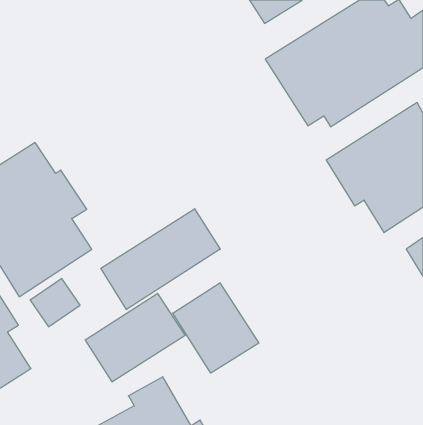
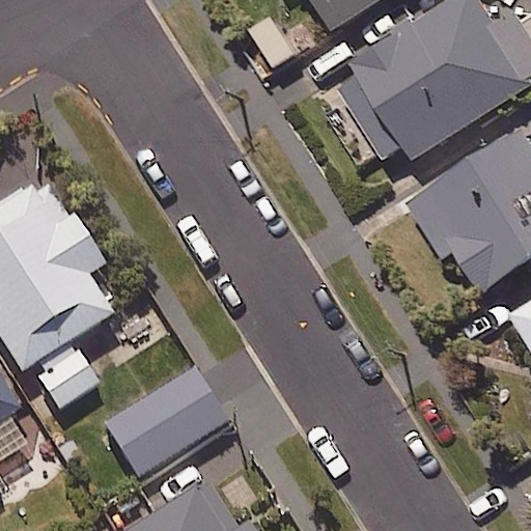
building: [101,209,220,310] -> none
building: [173,283,259,373] -> none

